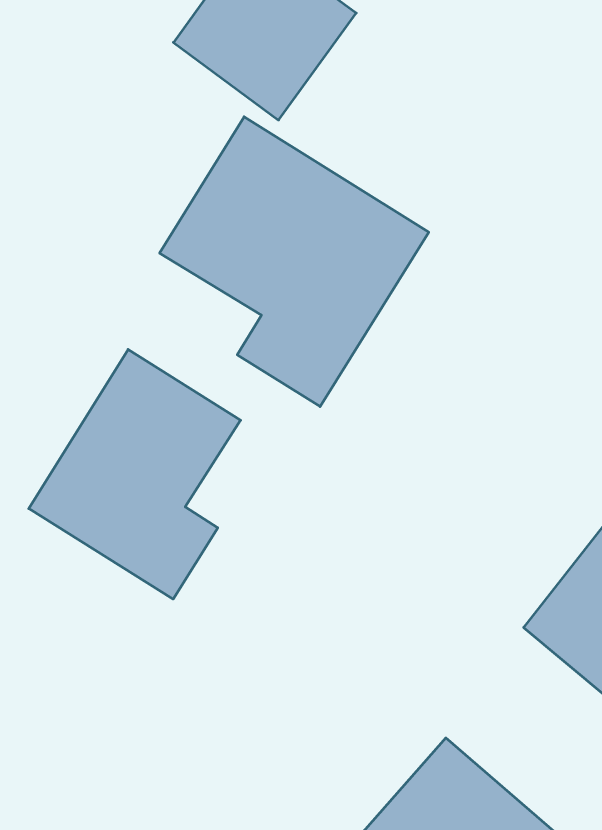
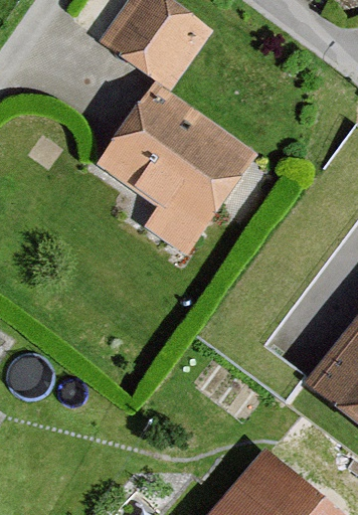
building: [29,349,241,599] -> none

